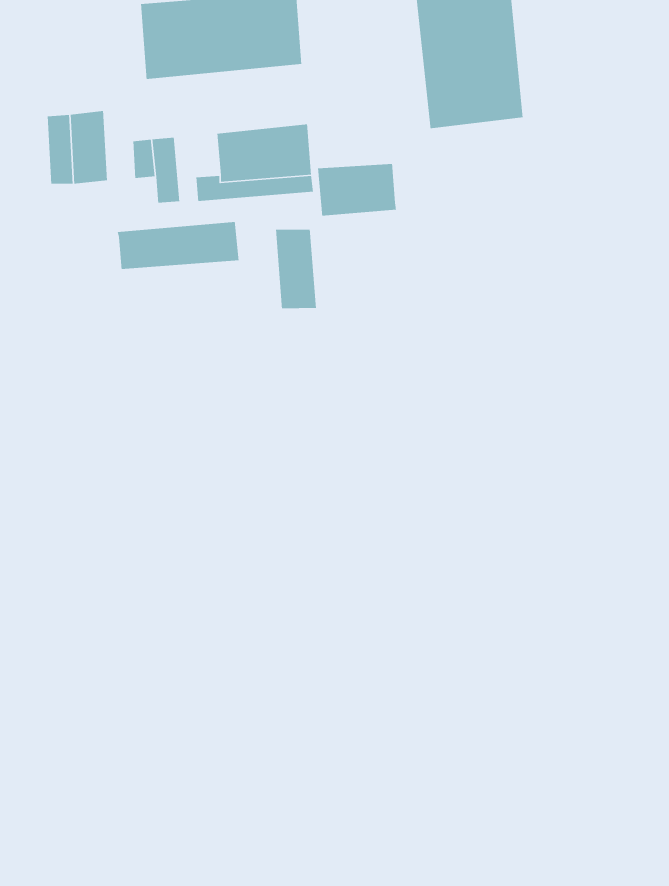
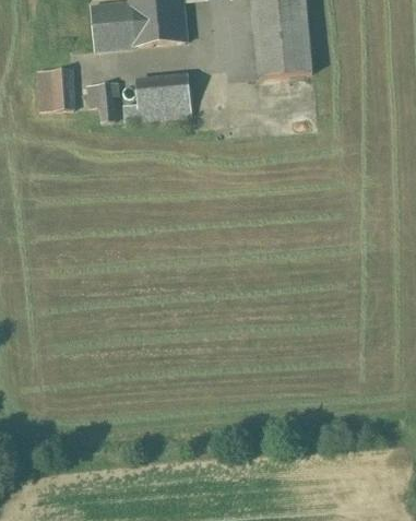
building: [317,163,397,216] -> none
building: [117,221,240,270] -> none
building: [275,229,317,309] -> none

